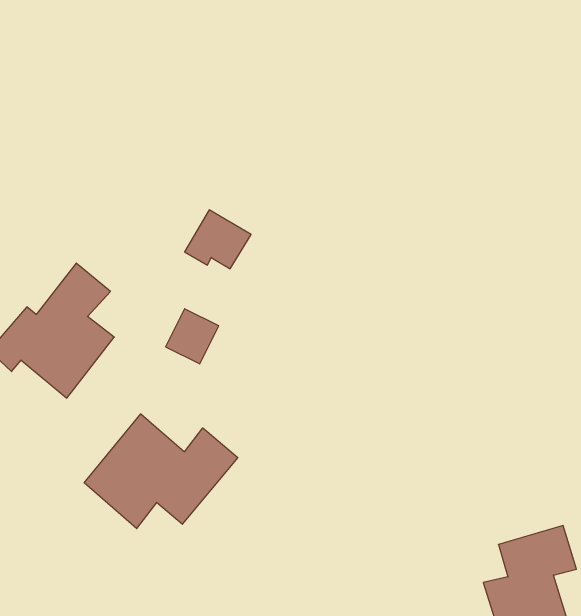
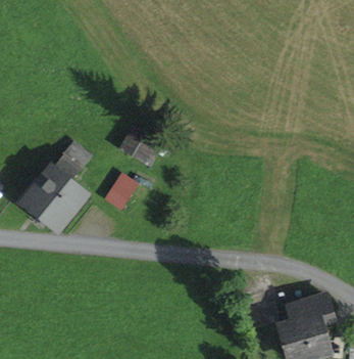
building: [84,414,238,529] -> none

